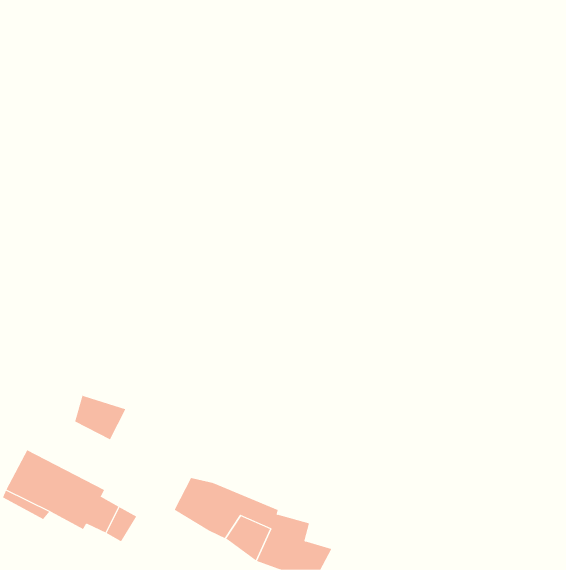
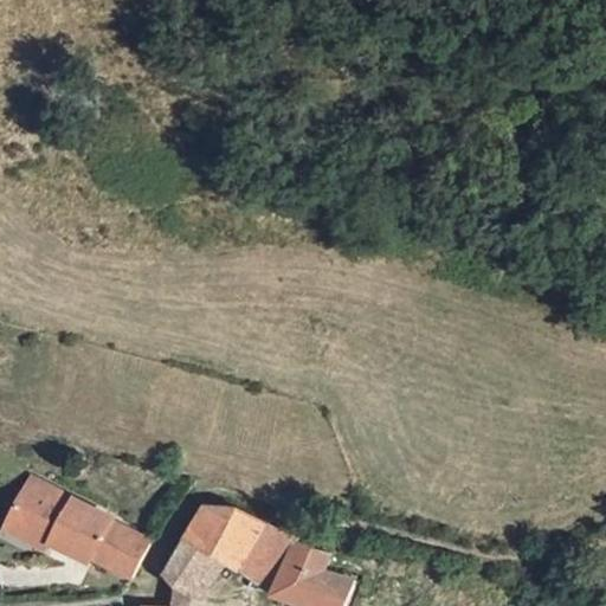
building: [75,395,126,440] -> none
building: none -> [167,541,221,592]

